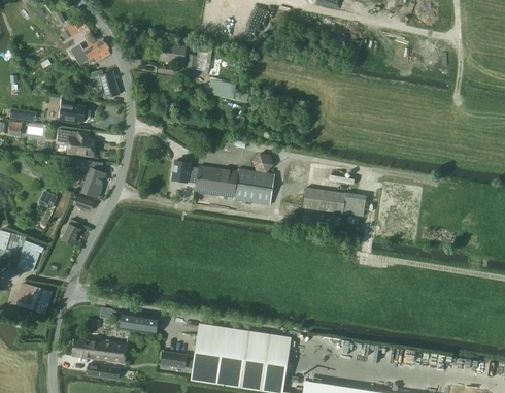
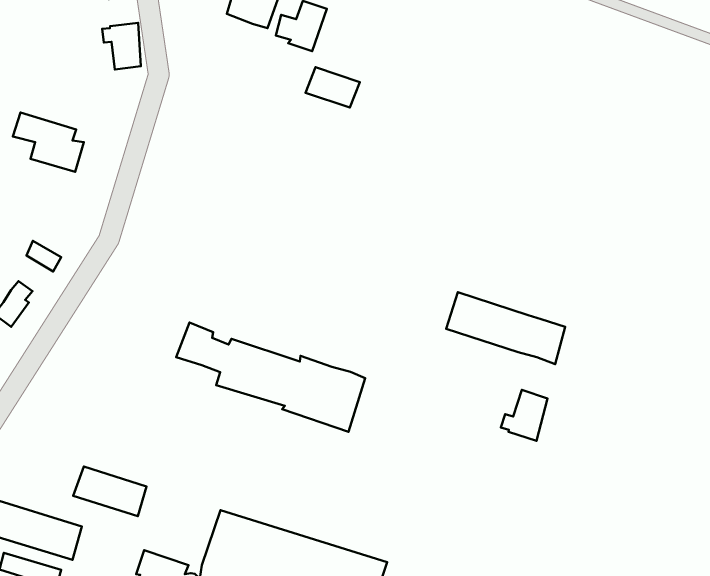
building: [60,97,89,123] -> none
building: [70,158,106,197] -> none
building: [172,160,274,204] -> [176,322,365,432]
building: none -> [501,390,547,441]

